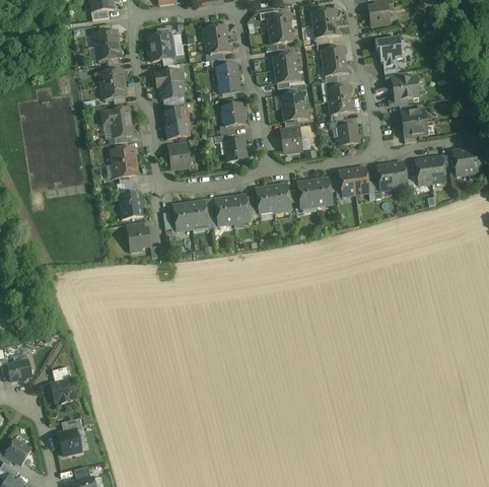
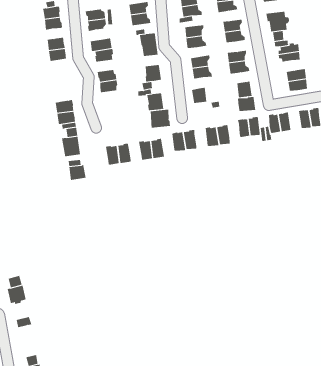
building: [101,108,132,137] -> none
building: none -> [237,96,256,112]
building: [168,142,190,168] -> none
building: none -> [150,109,170,129]
building: [58,429,81,455] -> none

